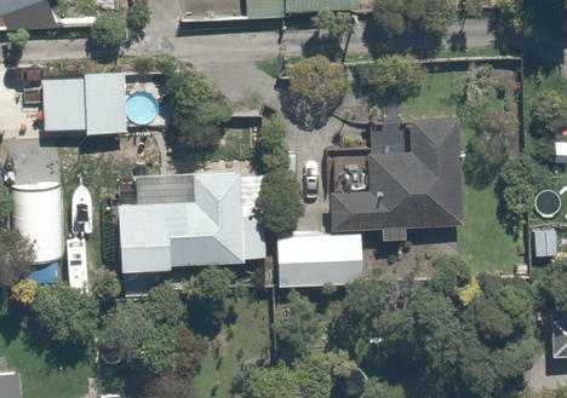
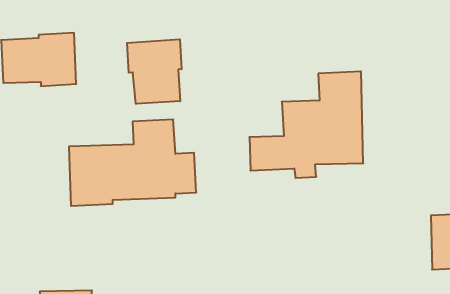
building: none -> [127,39,181,104]
building: [279,233,362,288] -> none

